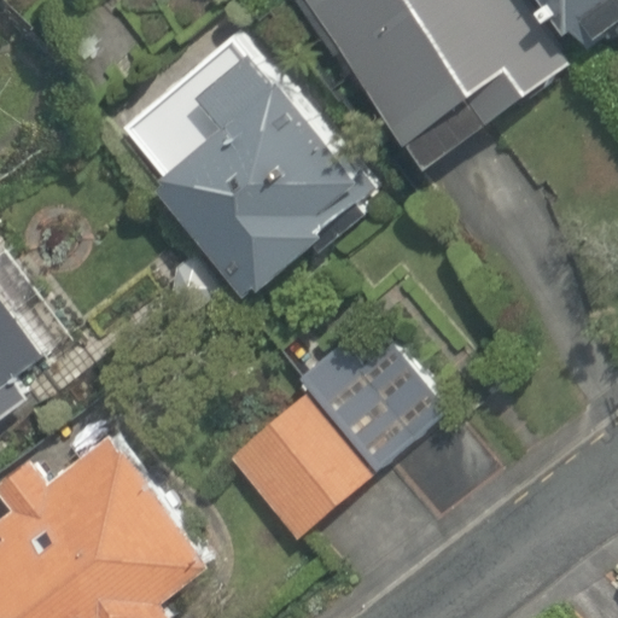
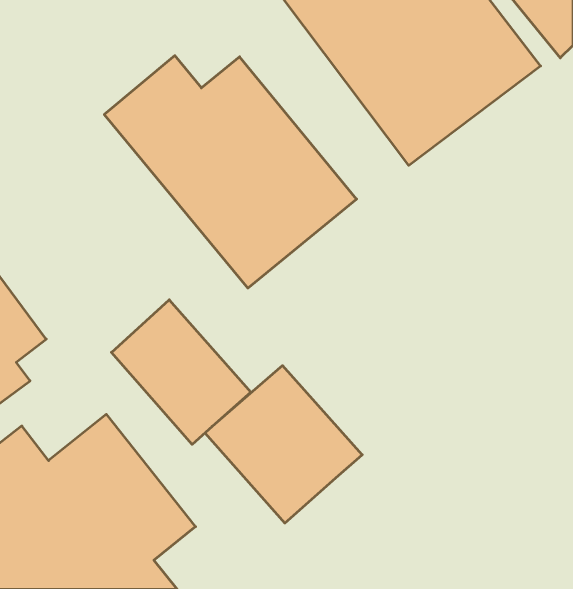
building: none -> [111,300,251,444]
building: [279,319,466,474] -> none

